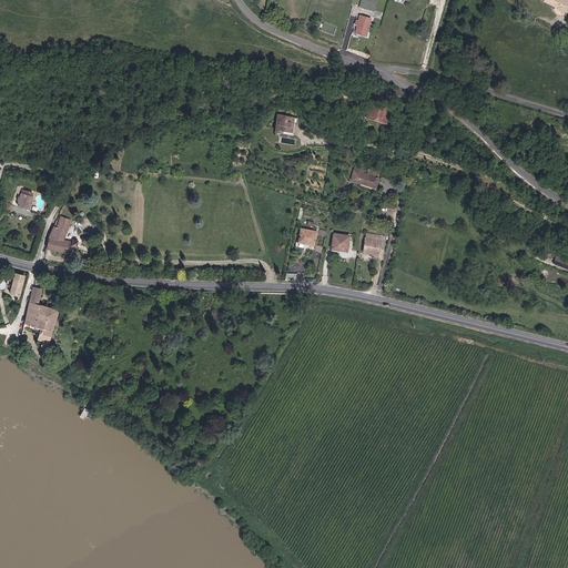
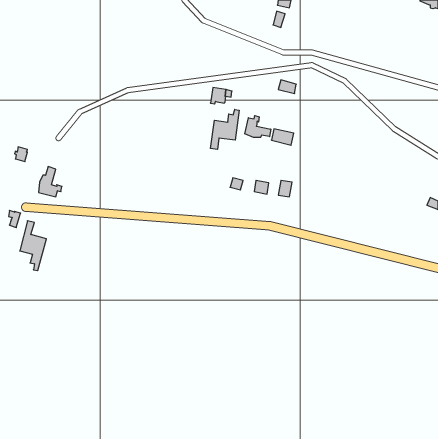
building: none -> [210,109,239,149]
building: none -> [245,116,271,137]

